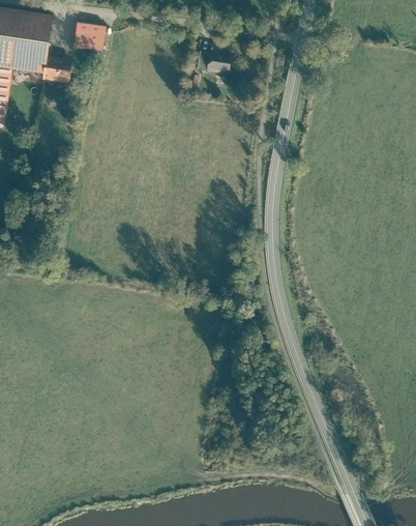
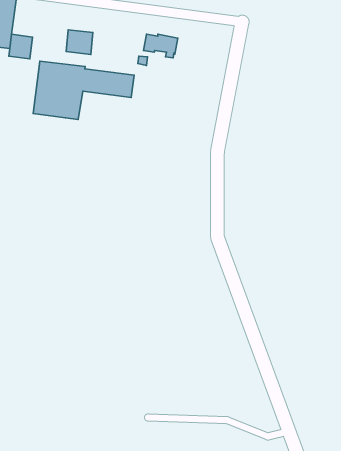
building: [75,24,103,51] -> [66,30,93,54]
building: none -> [33,61,134,119]

